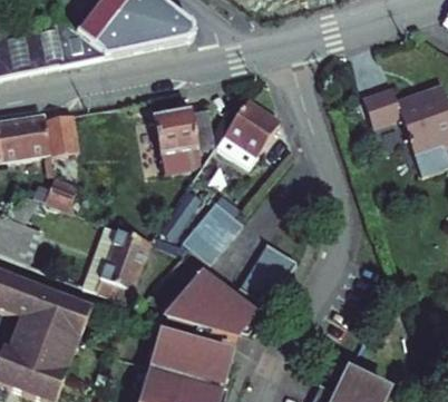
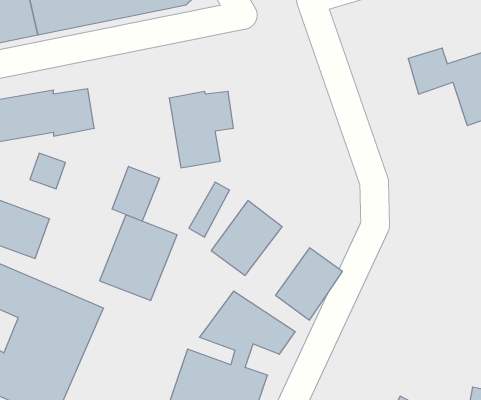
building: [224,100,277,154] -> none
building: none -> [112,166,160,221]

